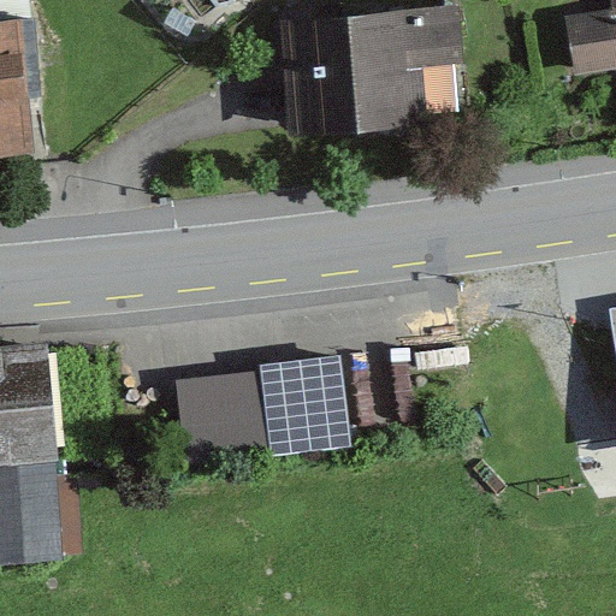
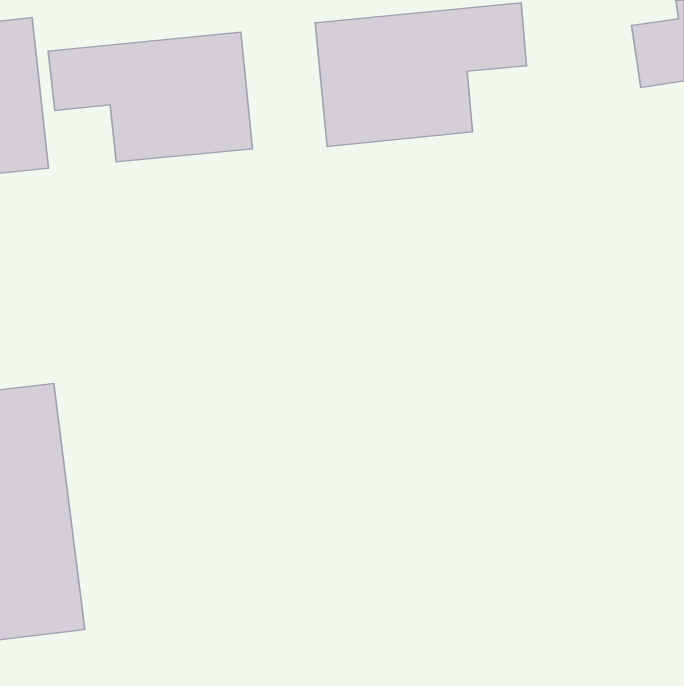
building: none -> [48,32,252,162]
building: [177,363,338,456] -> none

